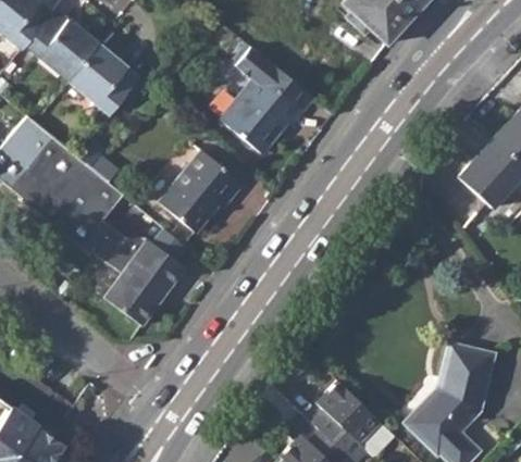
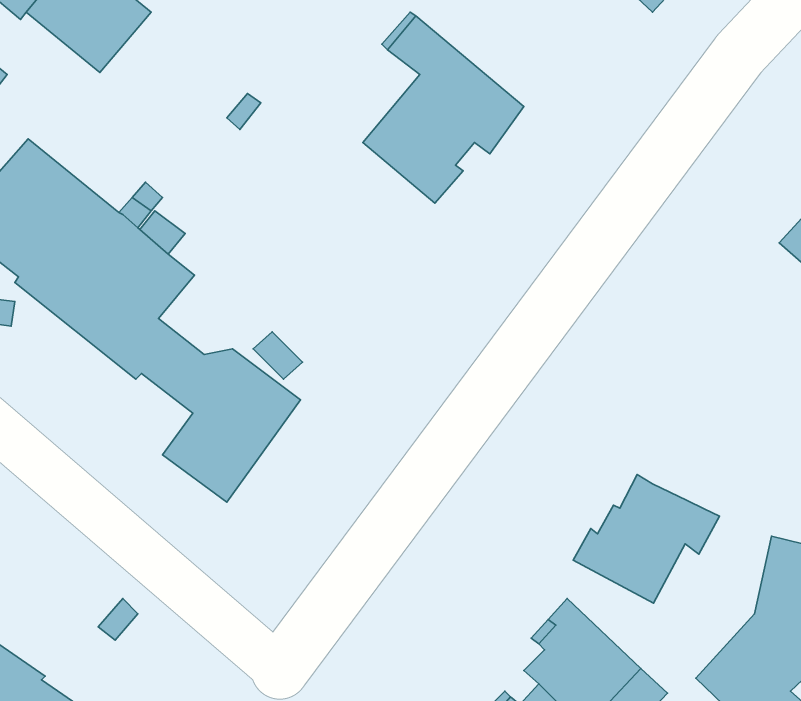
building: [67,42,138,112] -> none
building: [157,149,241,232] -> none
building: none -> [573,474,719,603]

